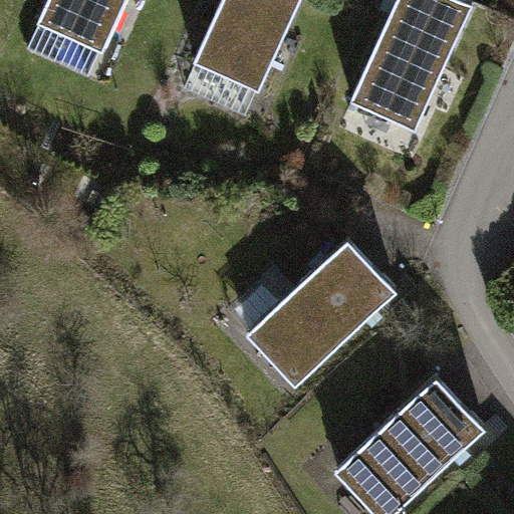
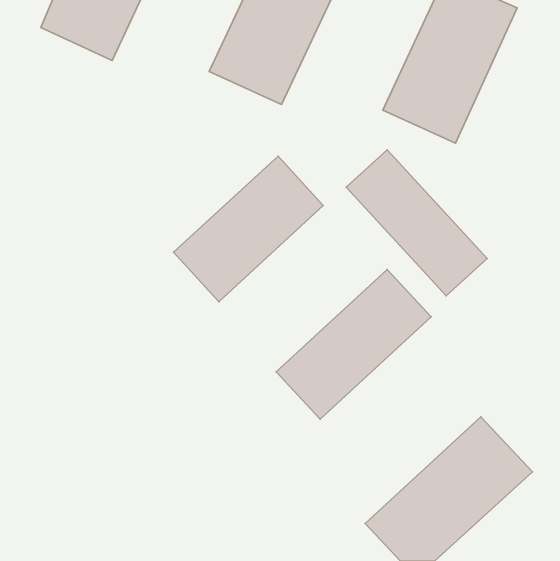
building: none -> [346,150,487,296]
building: none -> [174,156,323,302]

